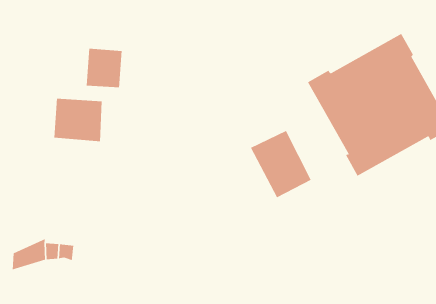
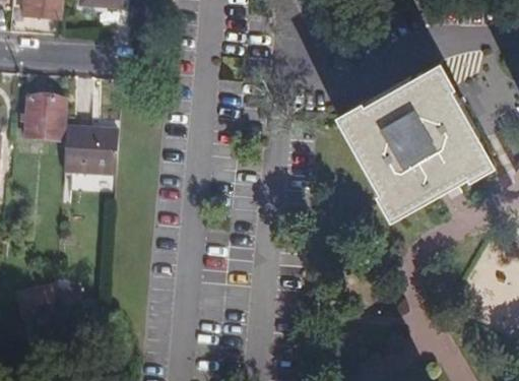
building: [86,48,123,88] -> [25,101,65,143]
building: [250,130,311,198] -> none

